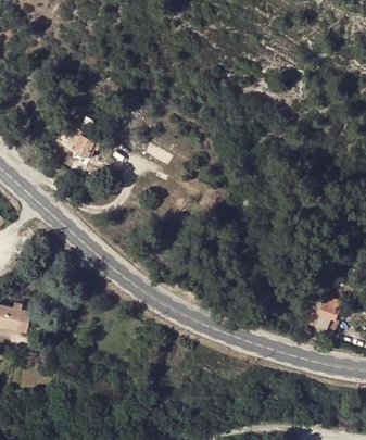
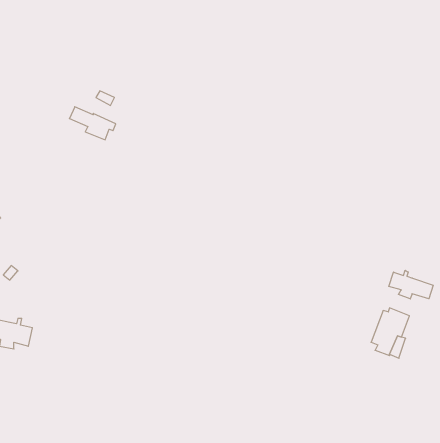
building: none -> [389,270,433,299]

